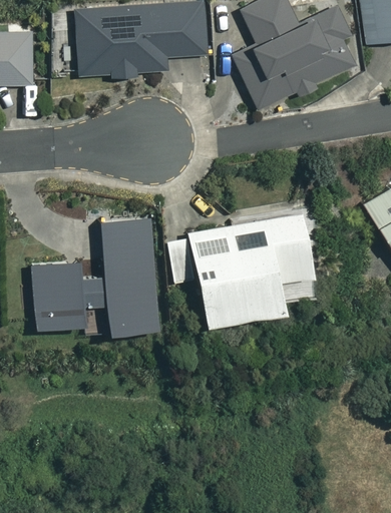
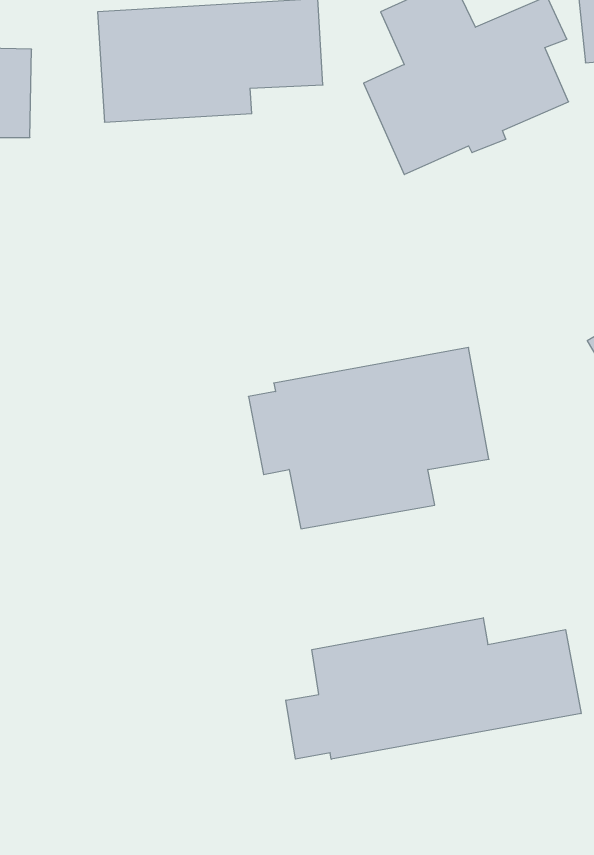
building: [32,222,156,330] -> none
building: none -> [286,618,581,759]

